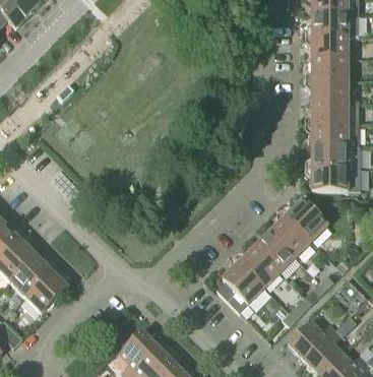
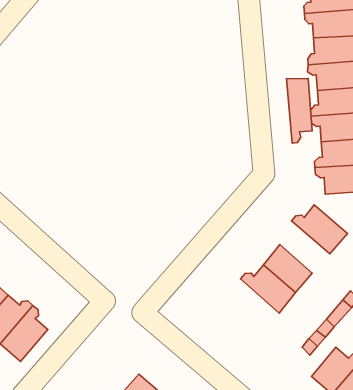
building: none -> [286,78,312,143]
building: [270,211,312,257] -> none
building: [223,257,265,305] -> none

